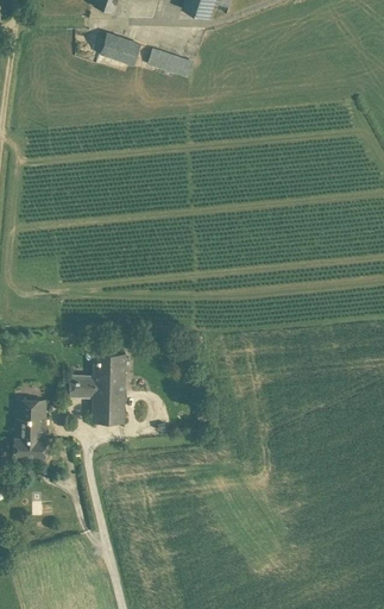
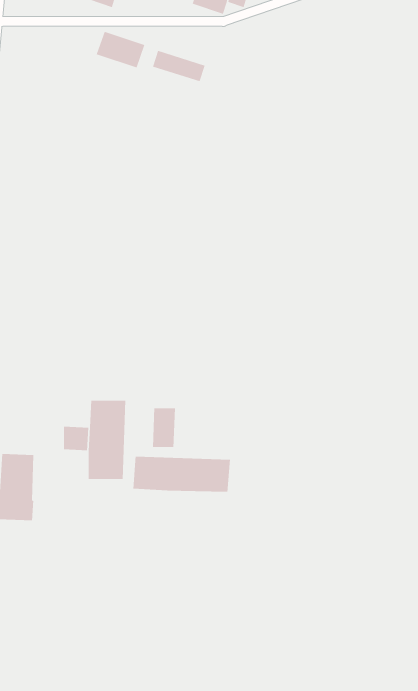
building: none -> [152,407,175,448]
building: none -> [133,456,230,492]

